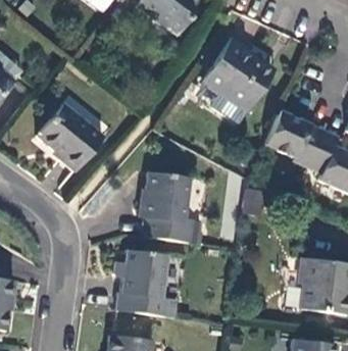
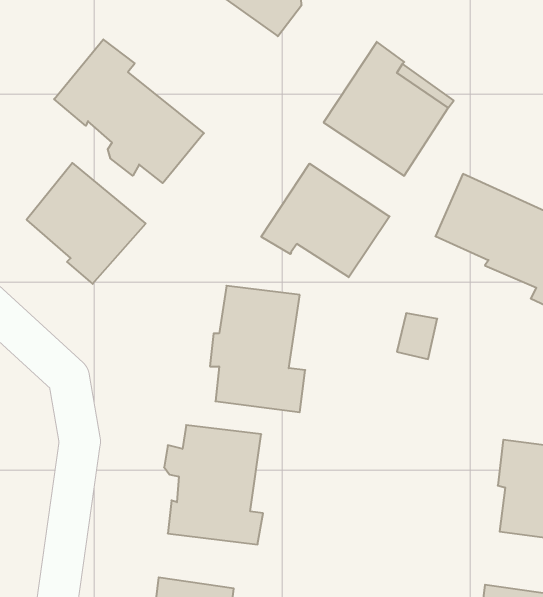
building: none -> [54,39,204,183]
building: none -> [261,164,390,277]

